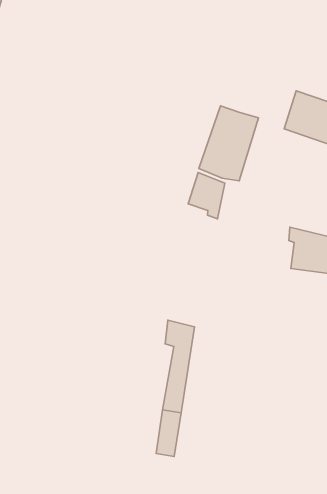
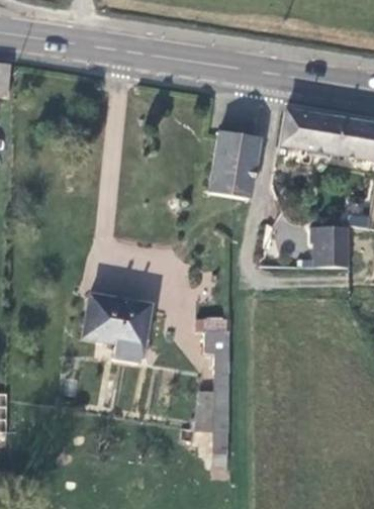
building: [188,173,225,219] -> none
building: none -> [83,296,148,355]

